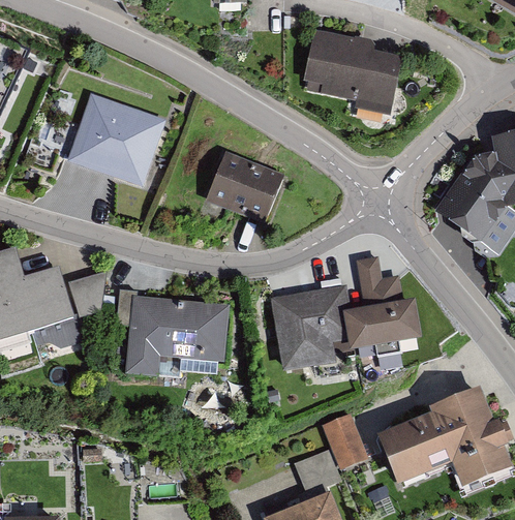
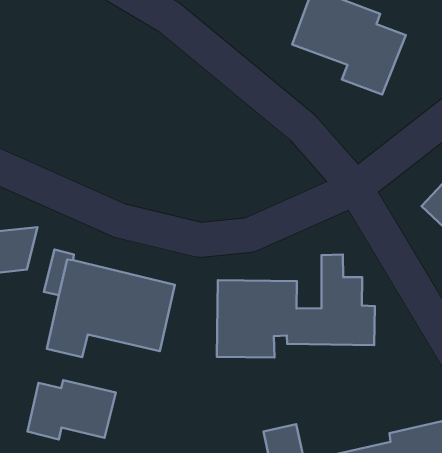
building: [66,93,166,189] -> none
building: [205,152,285,226] -> none
building: none -> [27,380,116,439]

